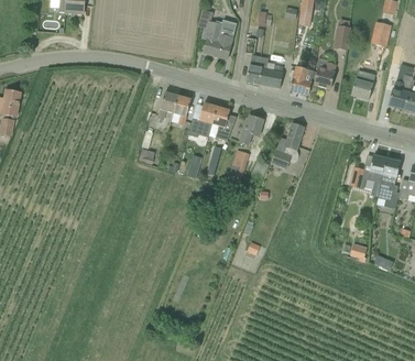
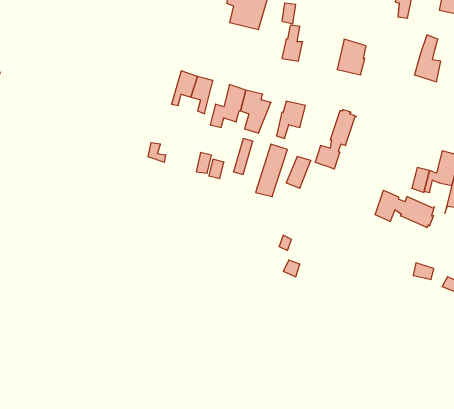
building: [258,55,283,87] -> none
building: [314,57,336,88] -> none
building: none -> [375,190,434,228]

